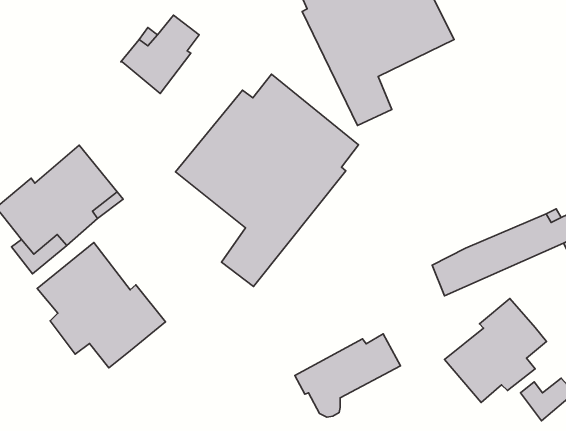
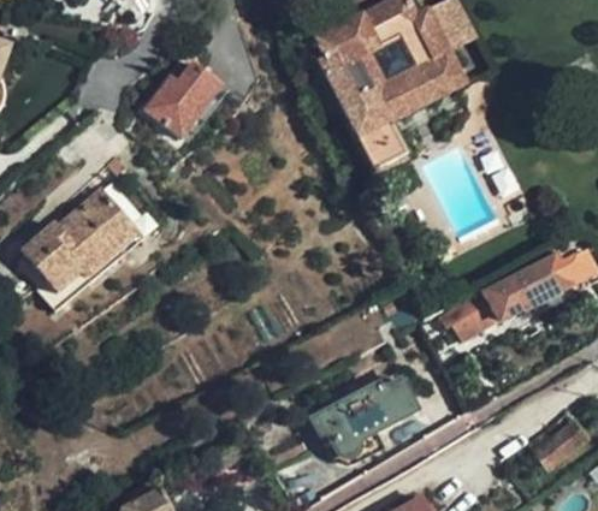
building: [175,74,358,287] -> none
building: [37,242,165,368] -> none
building: [444,298,547,403] -> none

